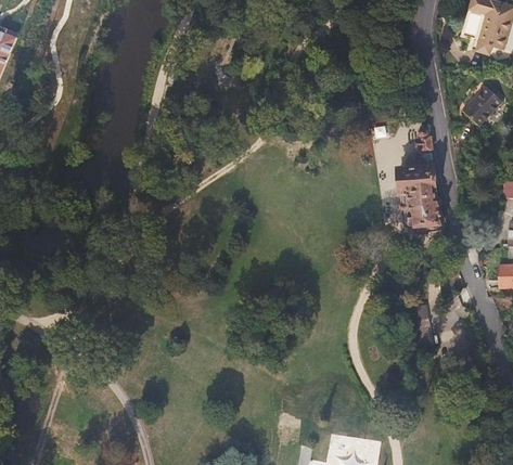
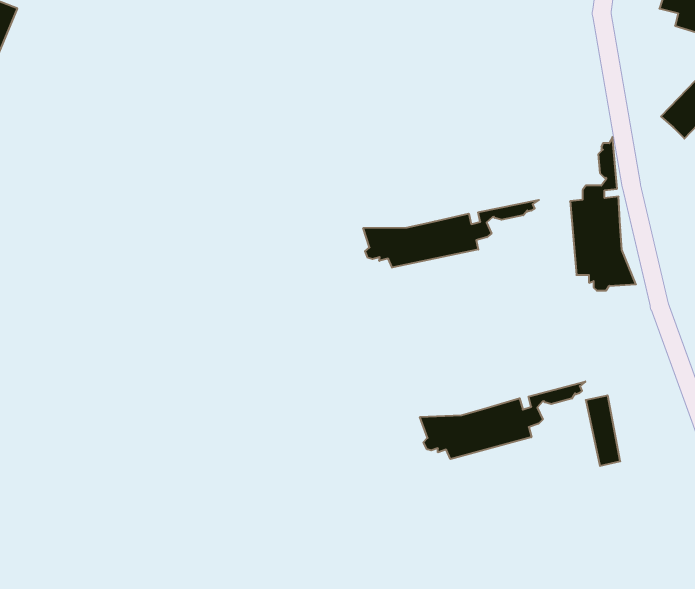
building: none -> [363,200,539,268]
building: none -> [420,381,585,459]

